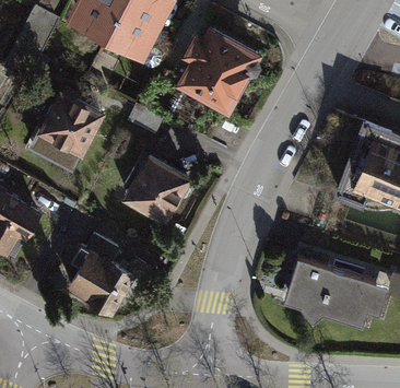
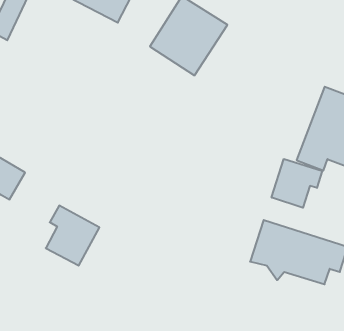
building: [26,94,105,181] -> none
building: [125,156,192,224] -> none
building: none -> [272,159,322,208]

